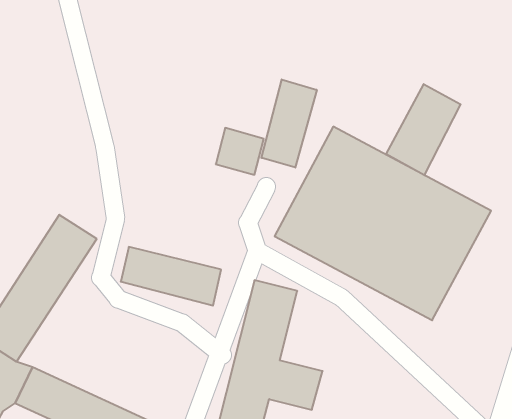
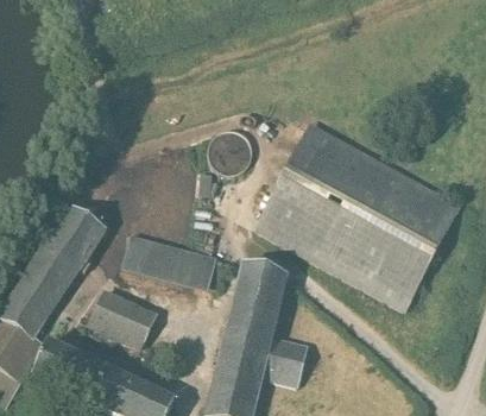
building: [261,79,317,168] -> none
building: [386,84,461,175] -> none
building: none -> [93,290,157,345]

